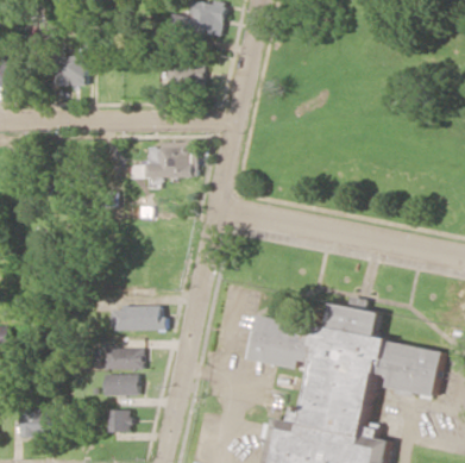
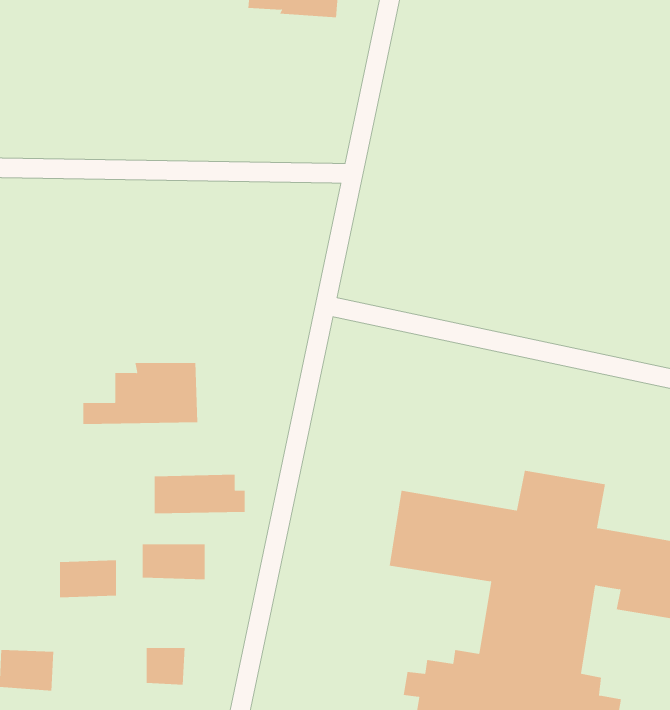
building: [55,56,86,87] -> none
building: [165,65,203,85] -> none
building: [128,142,197,179] -> [83,363,198,424]
building: [103,374,138,396] -> [59,560,117,598]

